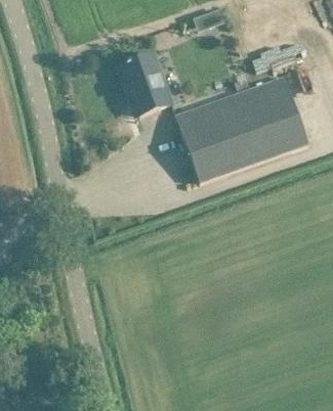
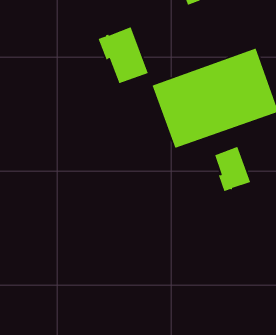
building: none -> [214,146,251,192]

